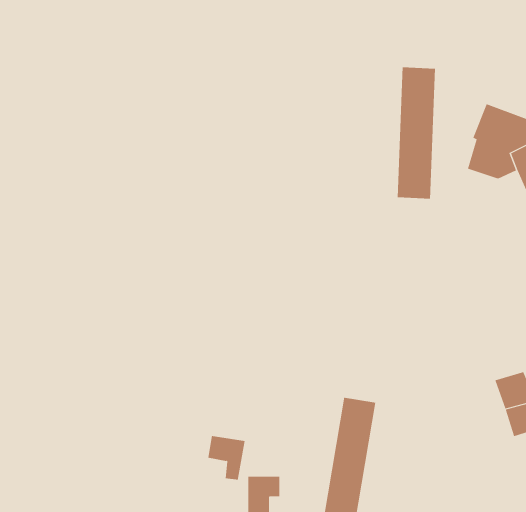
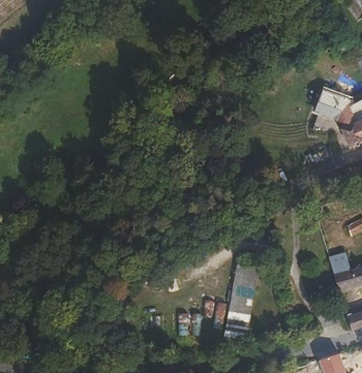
building: [397,66,436,199] -> none
building: [208,436,245,480] -> [204,301,227,328]

